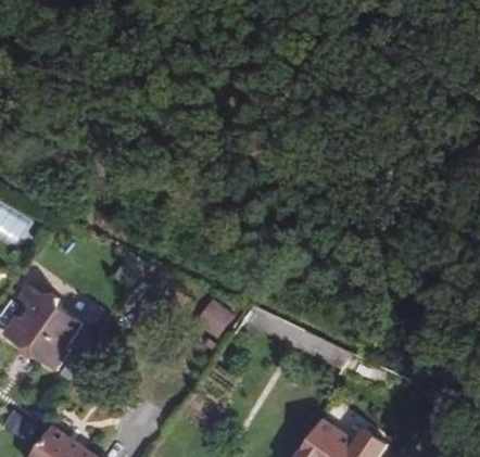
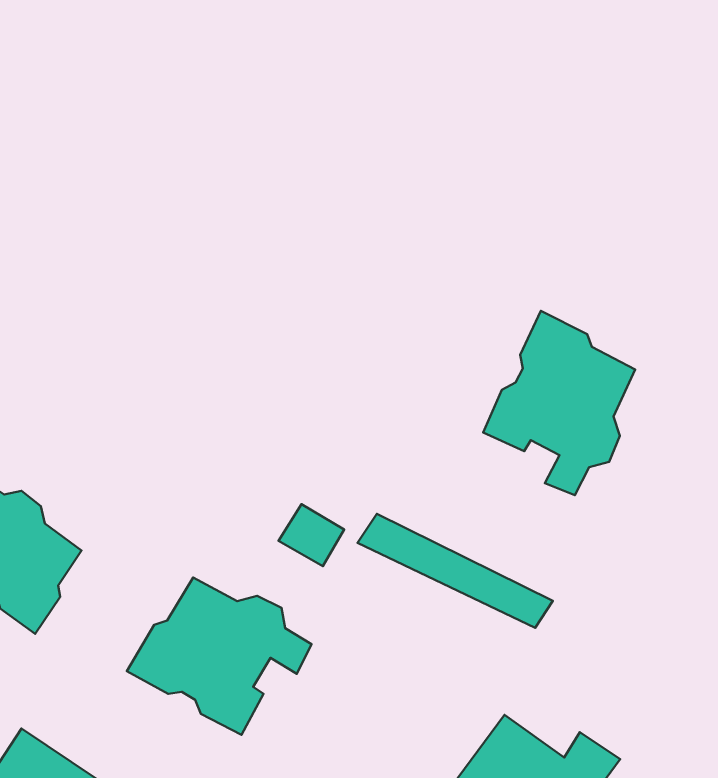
building: none -> [483,311,635,495]
building: none -> [127,577,311,735]

